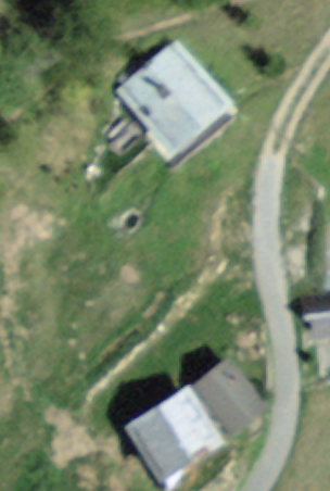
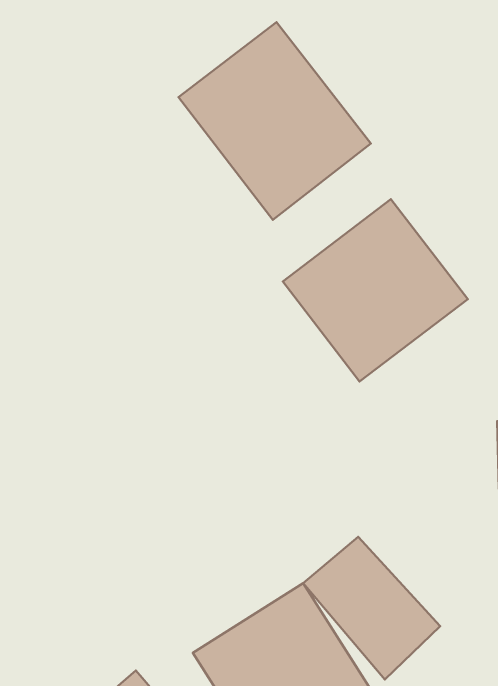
building: none -> [283,199,468,381]

